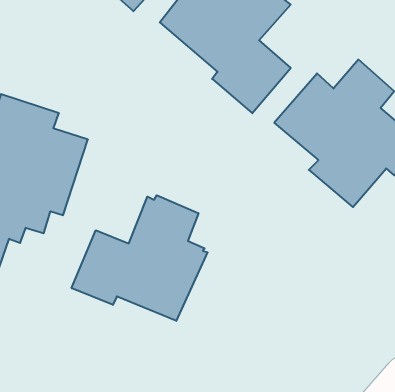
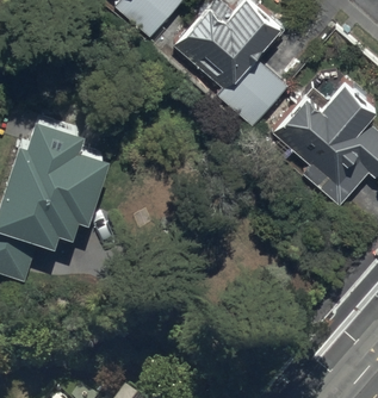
building: [72,195,208,321] -> none

